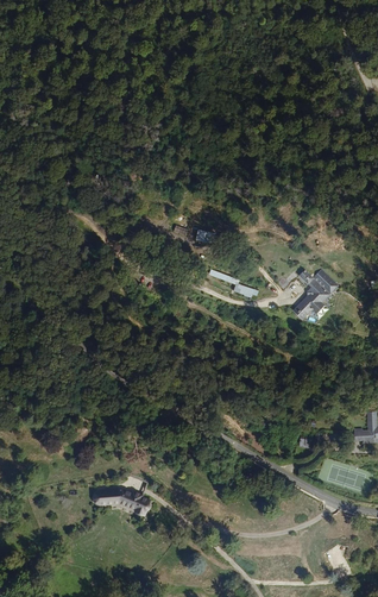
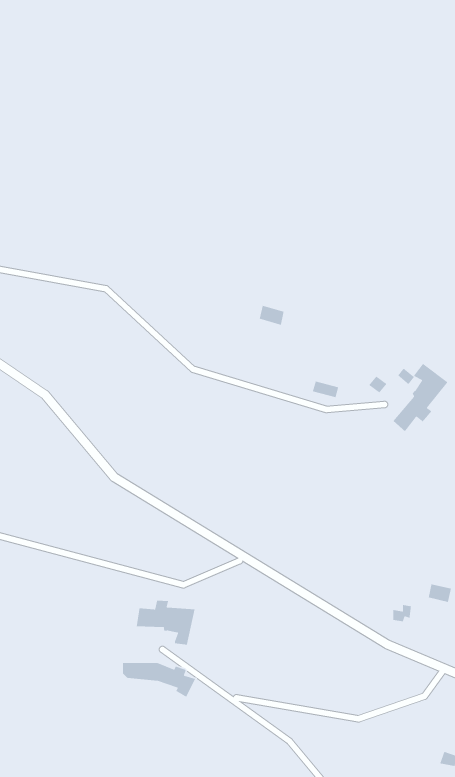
building: none -> [136,600,196,645]

